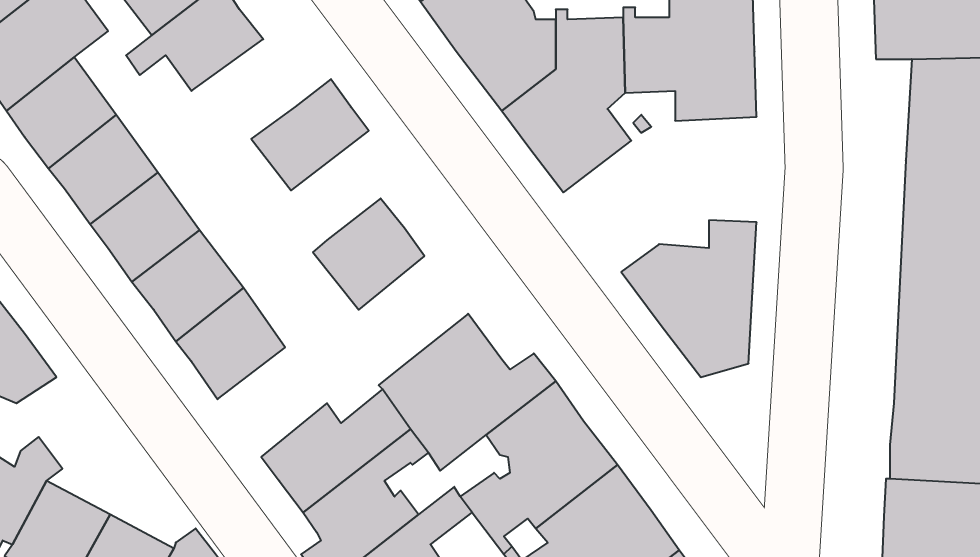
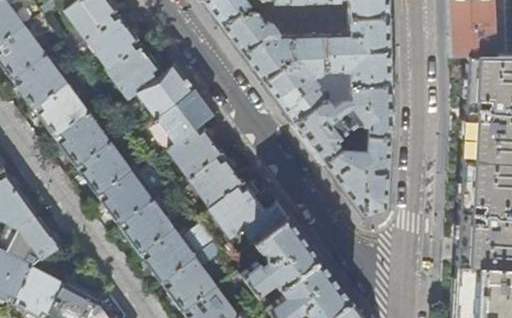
building: none -> [106,45,159,101]
building: none -> [293,84,390,162]
building: none -> [156,91,213,146]
building: none -> [190,154,245,210]
building: none -> [119,200,174,255]
building: none -> [18,215,61,261]

